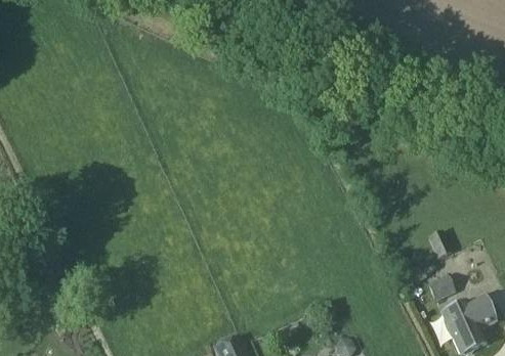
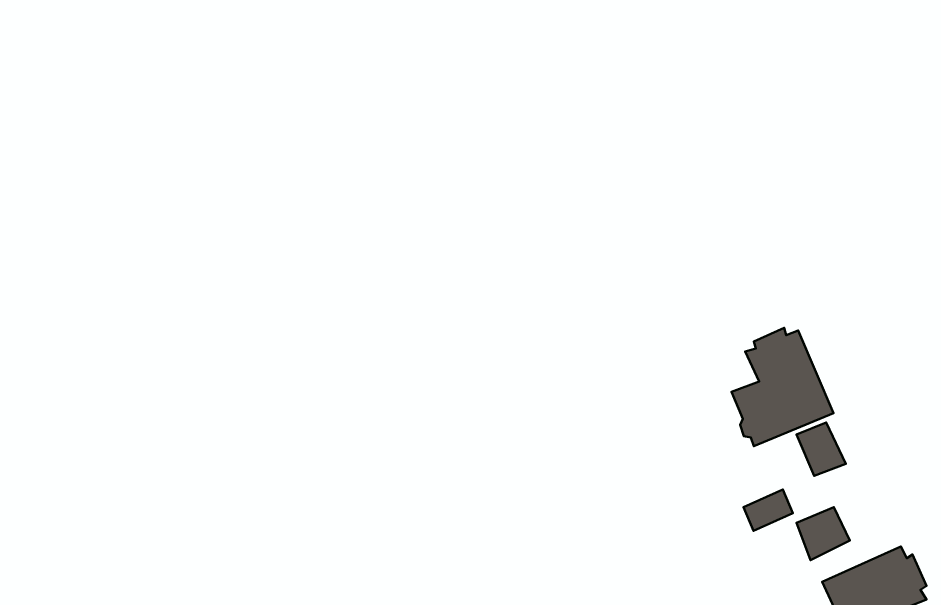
building: none -> [731,328,833,446]

